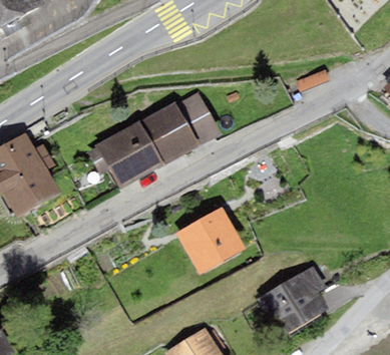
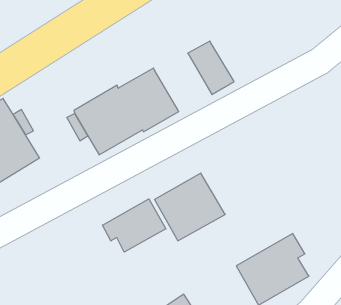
building: [175,92,222,145] -> [188,41,234,95]
building: none -> [102,199,166,252]

